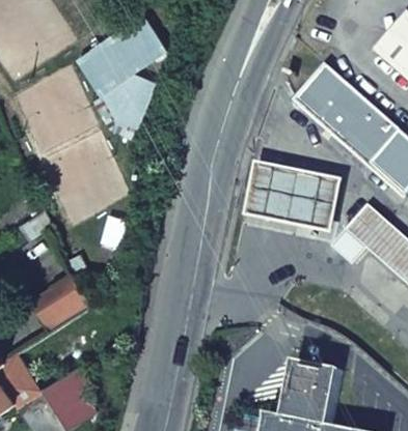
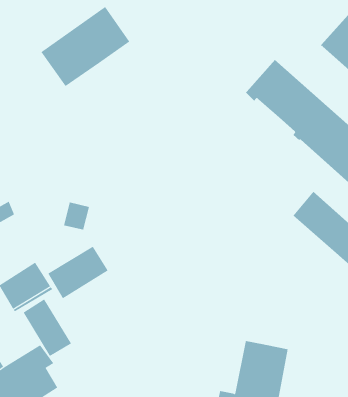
building: [103,67,158,127] -> none
building: [244,163,338,230] -> none
building: none -> [48,246,109,299]
building: none -> [23,298,72,357]

